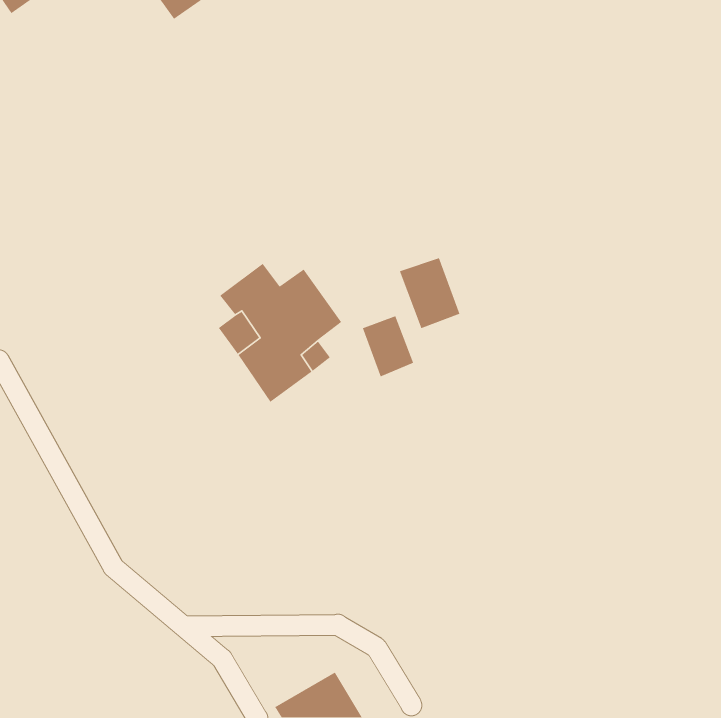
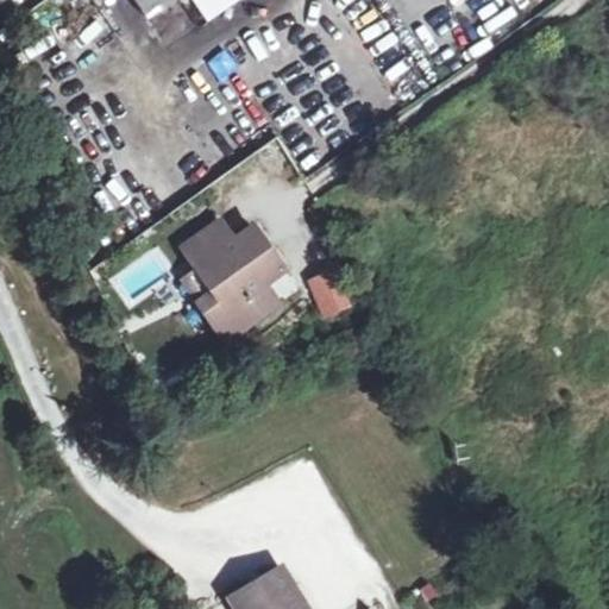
building: [399,257,460,329] -> none

